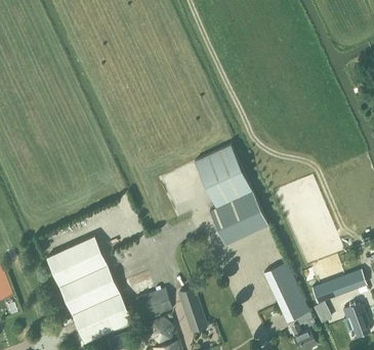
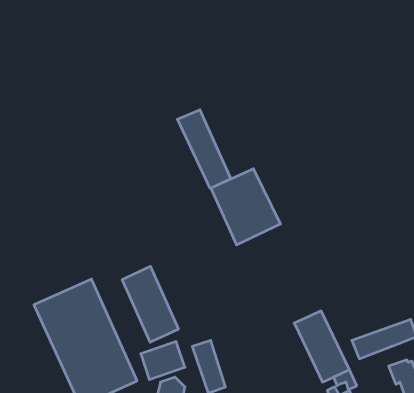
building: none -> [177,110,231,188]
building: [209,191,268,246] -> none
building: none -> [122,266,178,342]

